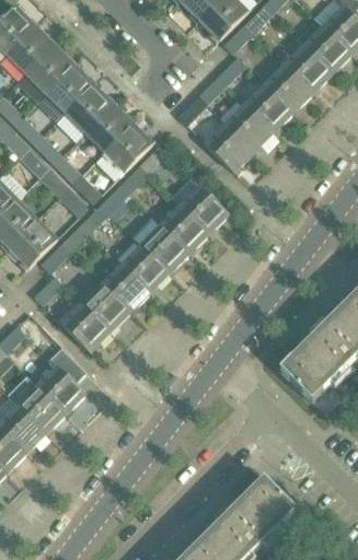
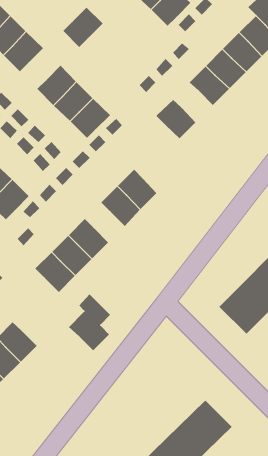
building: [43,63,91,112] -> [62,7,103,48]
building: [223,104,270,151] -> none
building: [177,186,226,234] -> none
building: [119,245,166,292] -> none
building: [34,346,84,413] -> [68,294,111,351]

